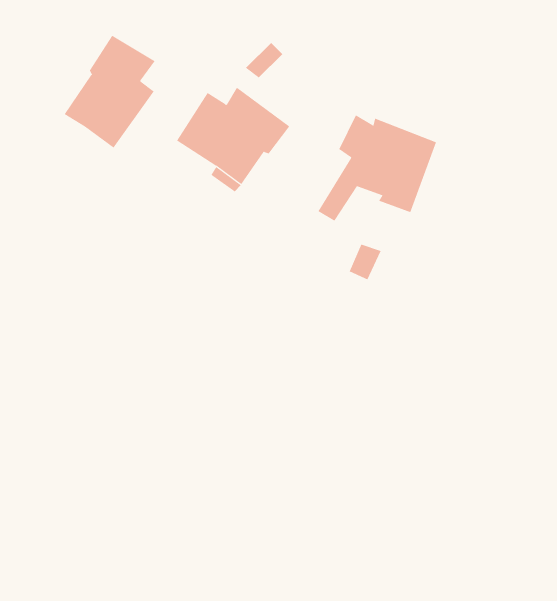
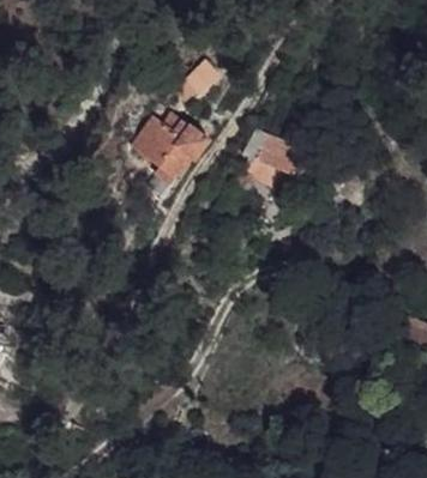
building: [64,35,156,149] -> none

